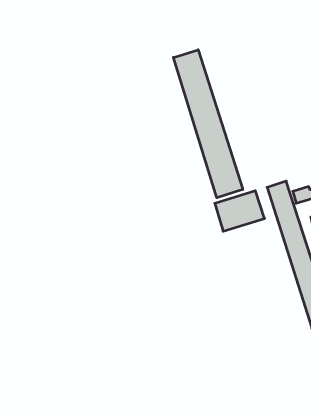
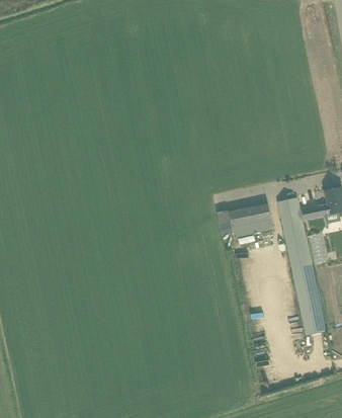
building: [173,50,243,198] -> none

